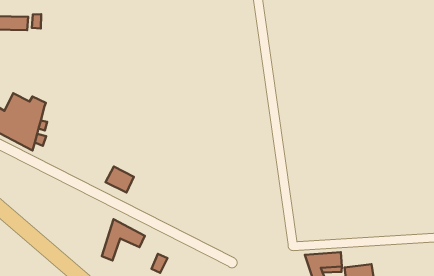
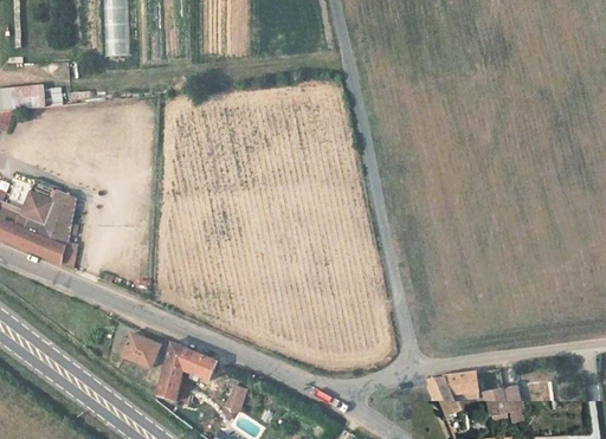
building: [105,166,134,192] -> [122,335,159,368]

